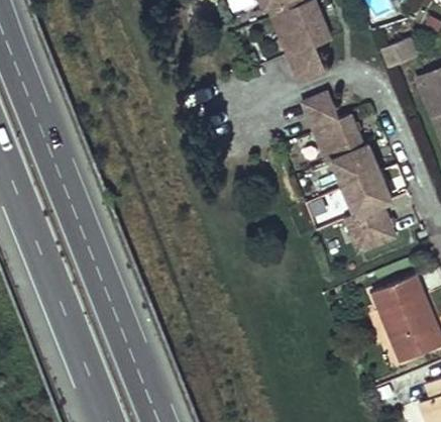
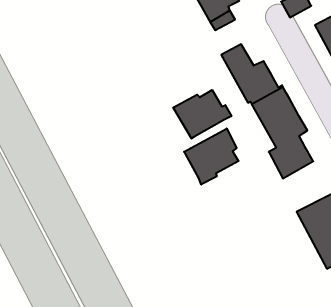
building: none -> [173,90,231,139]
building: none -> [184,128,239,185]

